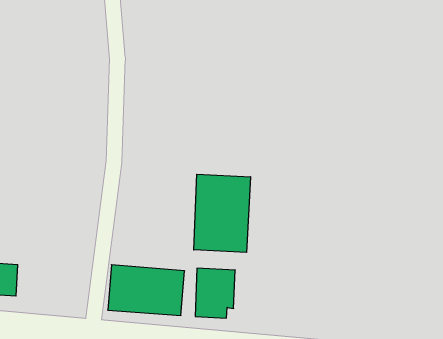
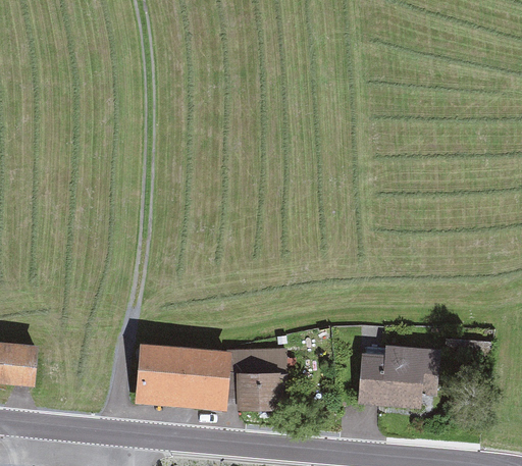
building: [194,174,251,252] -> none
building: none -> [359,350,434,403]

